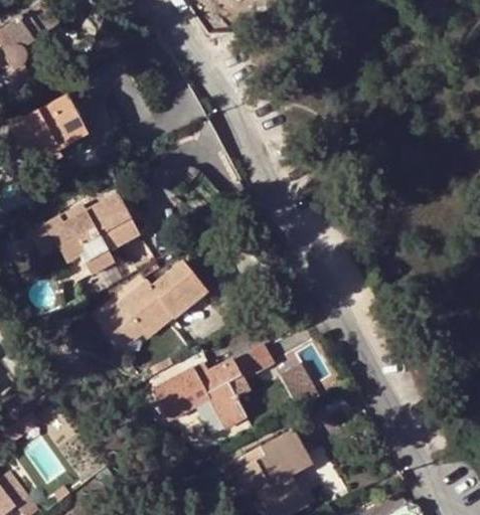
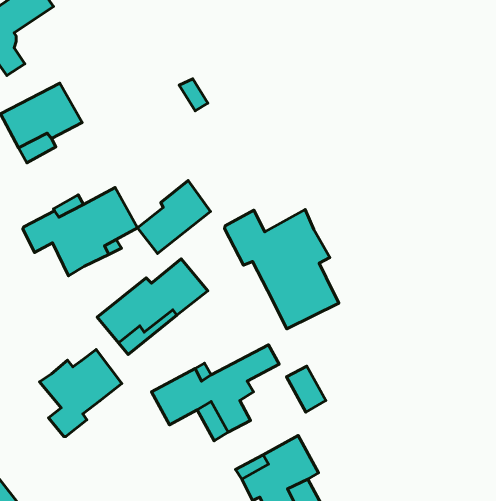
building: none -> [138,181,210,254]
building: none -> [225,209,339,329]
building: none -> [39,350,122,437]

